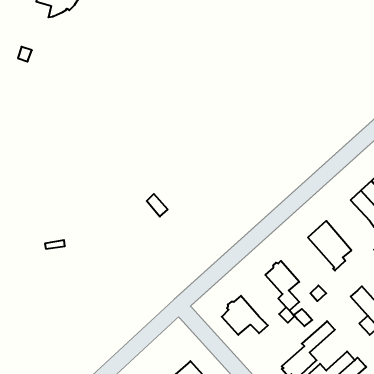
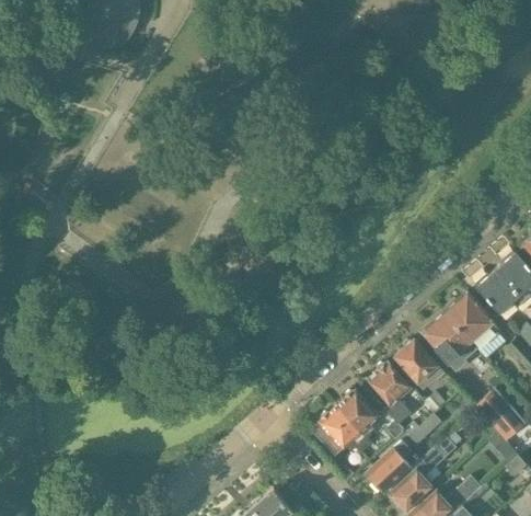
building: none -> [446,293,500,349]
building: none -> [395,339,445,390]
building: none -> [338,390,380,440]
building: none -> [368,443,412,493]

